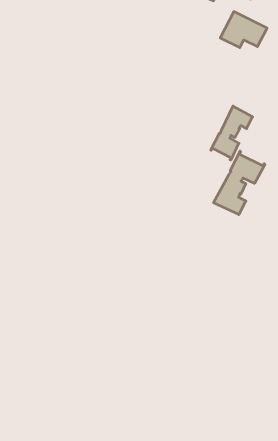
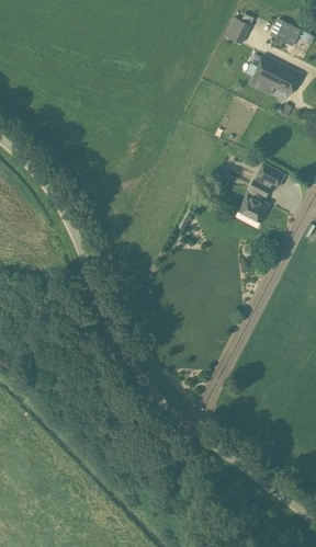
building: [214,151,265,215] -> none

